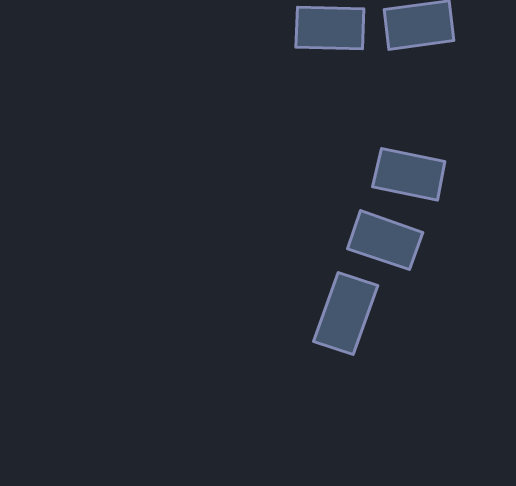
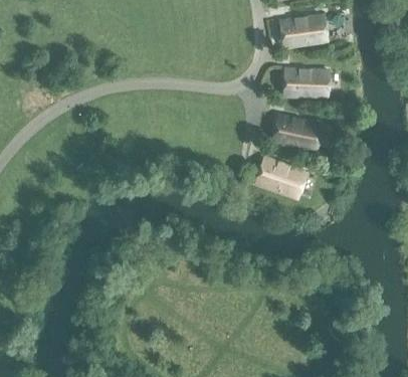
building: [296,7,364,49] -> [282,67,329,96]
building: [313,272,378,355] -> none

